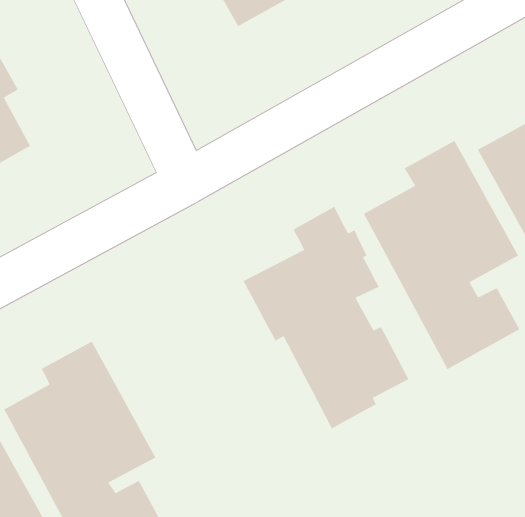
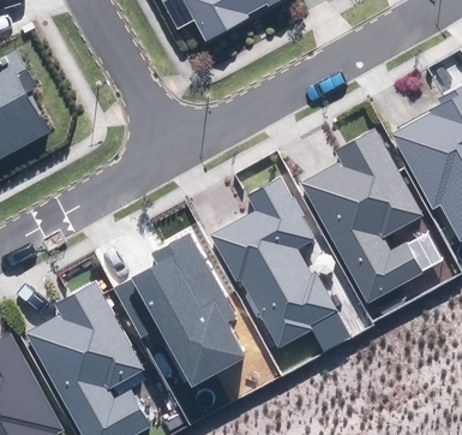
building: none -> [114,233,246,387]

